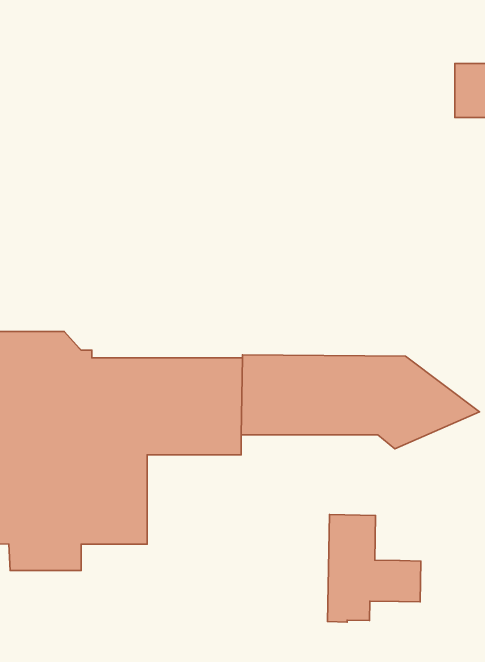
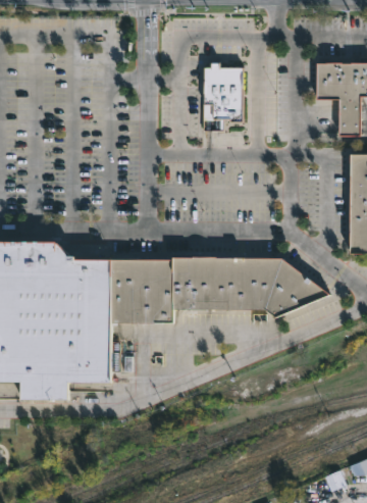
building: none -> [202,61,242,131]
building: [327,514,421,622] -> none

